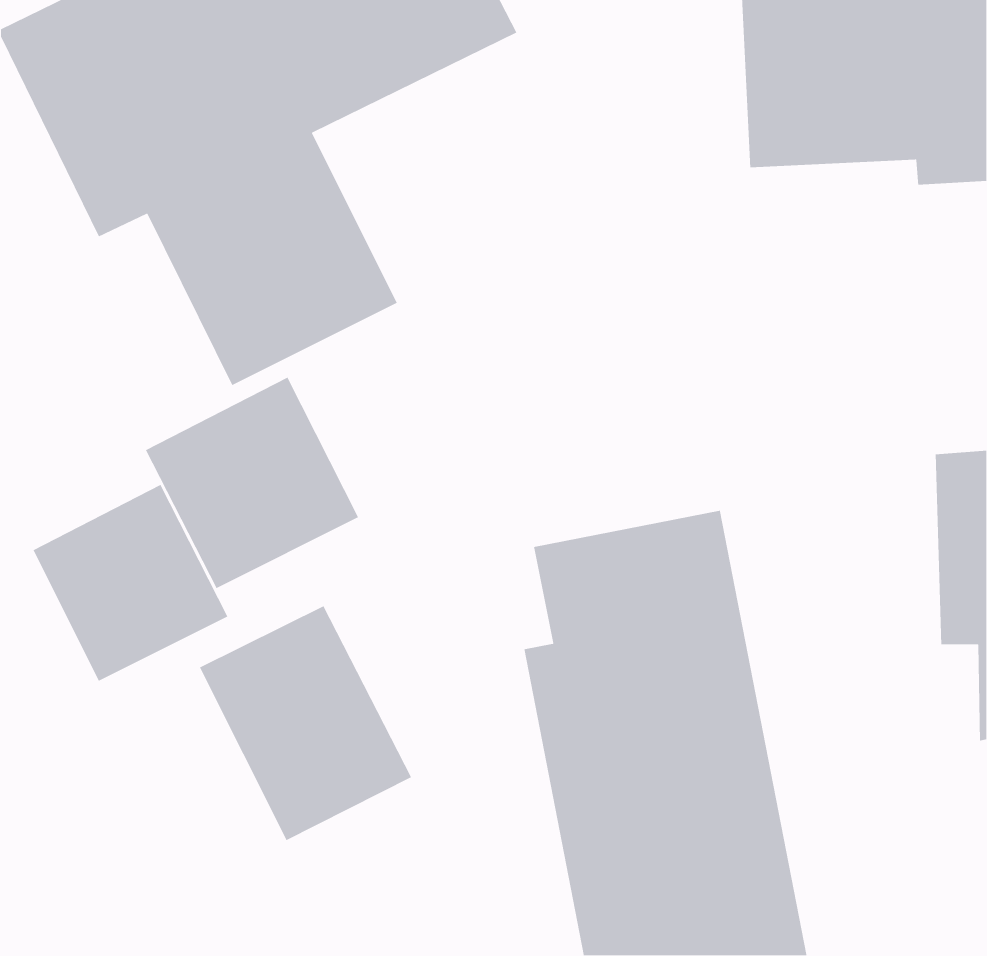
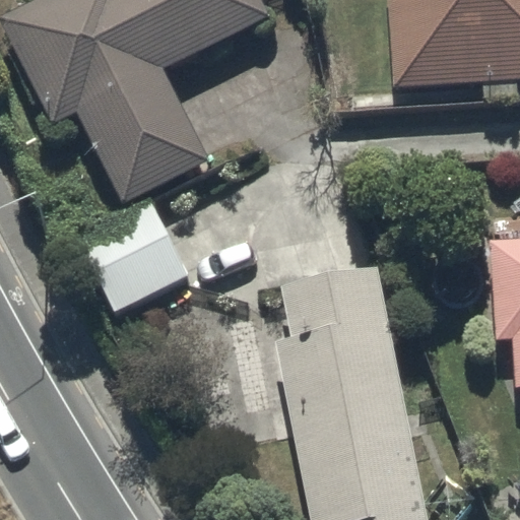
building: [32,484,228,682] -> none
building: [199,605,412,841] -> none

